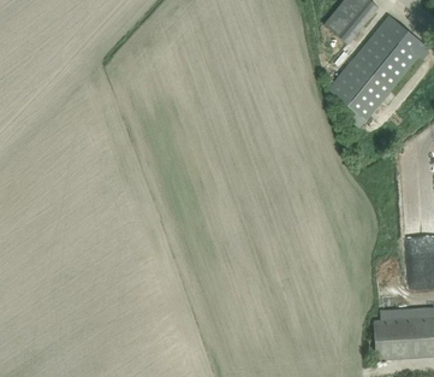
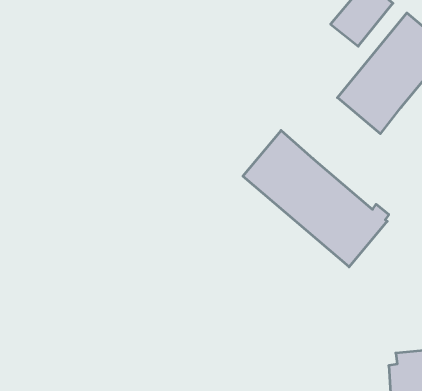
building: none -> [243,130,389,267]

